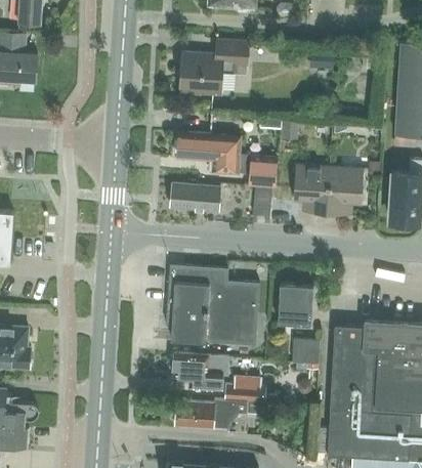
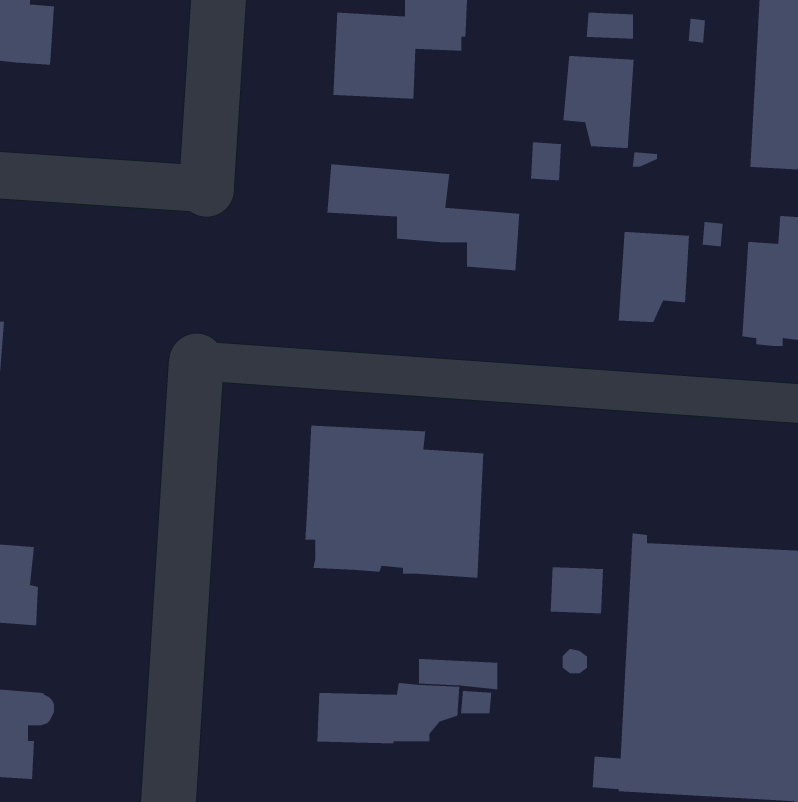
building: [293,165,330,213] -> [563,55,634,149]
building: [170,183,220,212] -> none
building: [252,189,272,217] -> none
building: [278,284,312,325] -> none
building: [168,354,229,390] -> none

